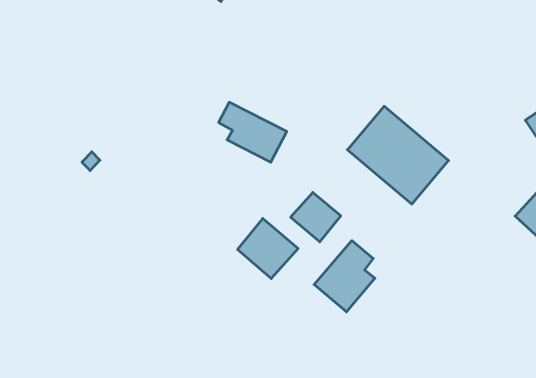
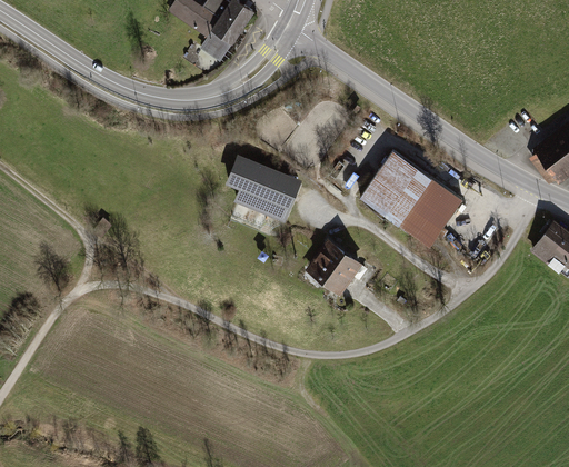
building: [238,218,298,279] -> none
building: [314,241,375,312] -> none

